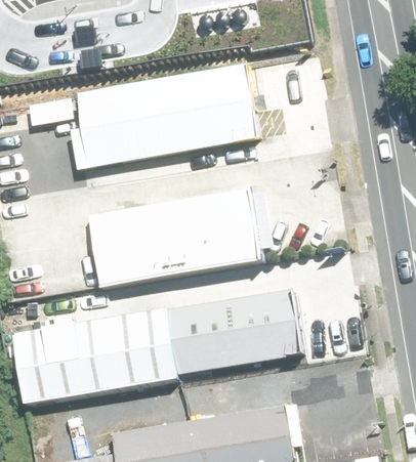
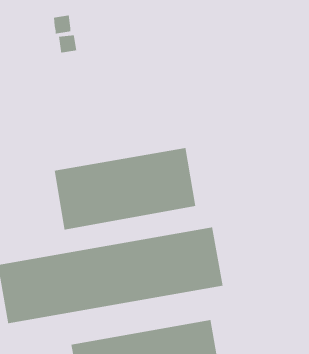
building: [76,58,259,162] -> none

